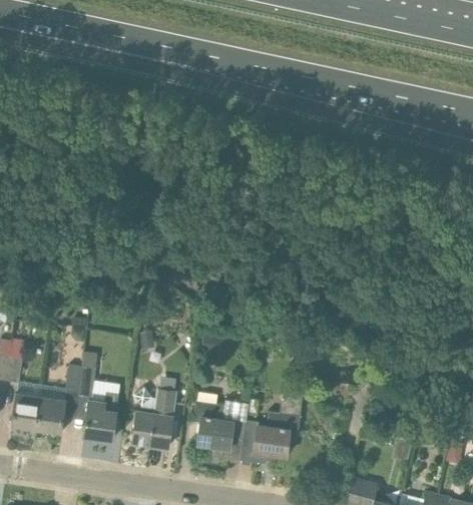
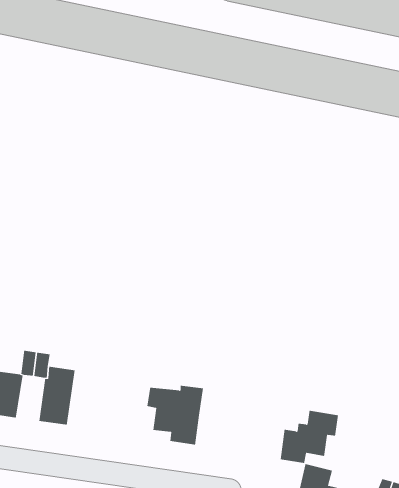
building: [132,388,175,447] -> none
building: [241,410,300,463] -> [280,410,339,463]

